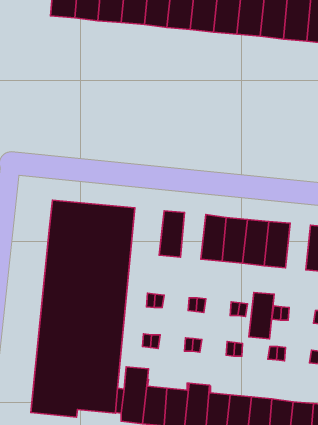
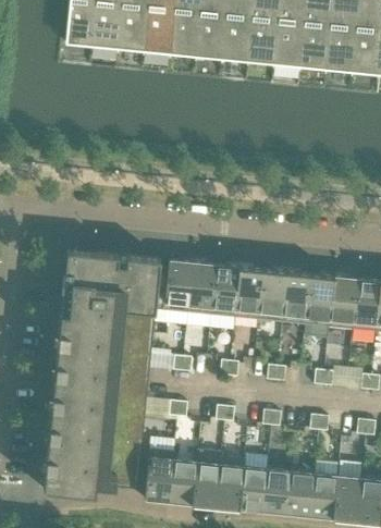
building: none -> [163,260,193,312]
building: none -> [211,265,239,317]
building: [249,292,274,339] -> [329,277,357,329]

